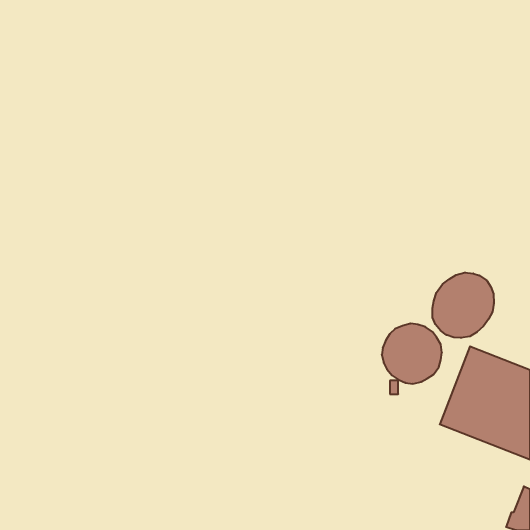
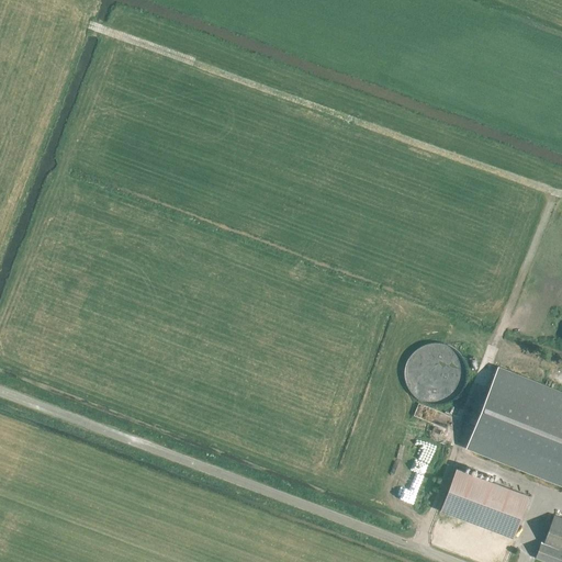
building: [432,272,494,338] -> none
building: none -> [440,467,530,538]

